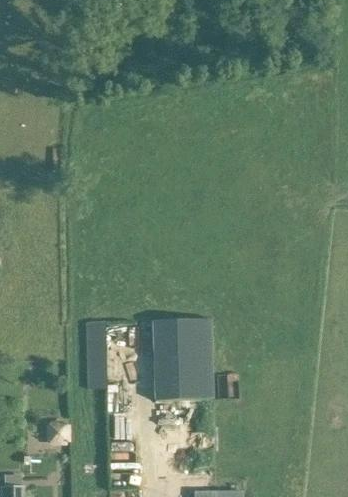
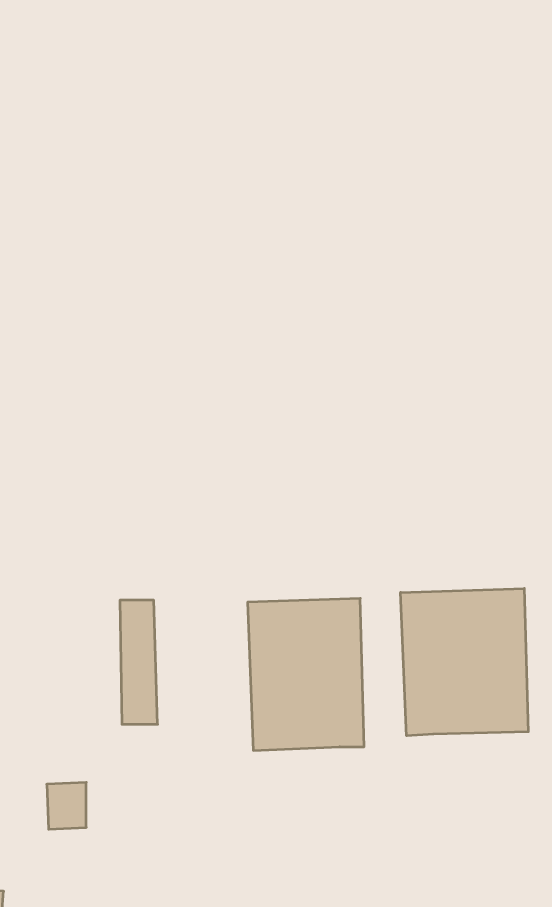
building: none -> [401,588,528,736]

